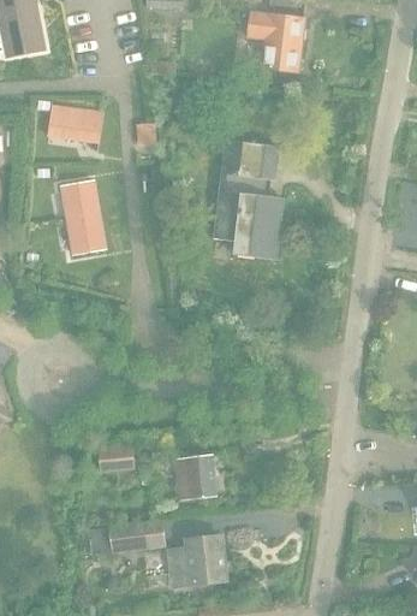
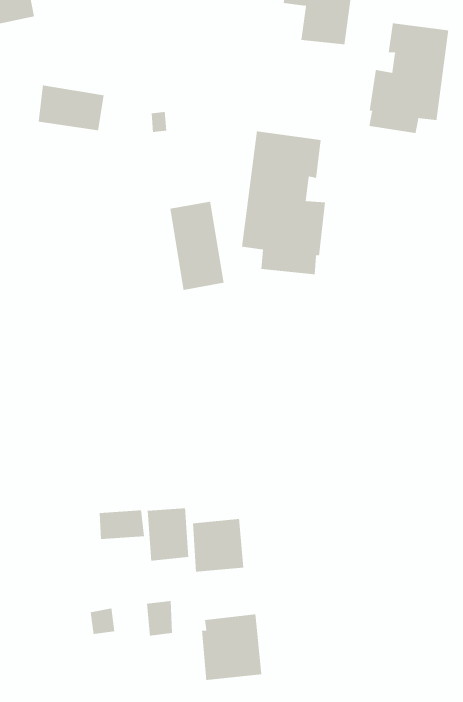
building: none -> [369,23,449,134]
building: [60,179,105,251] -> [169,201,224,290]
building: none -> [147,508,189,562]

